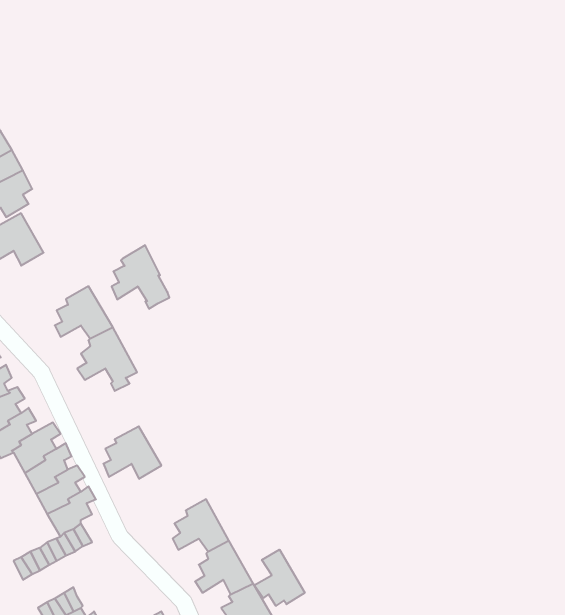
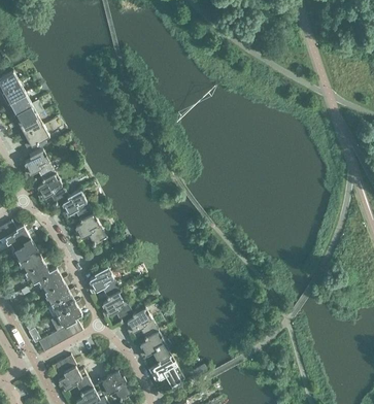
building: [112,245,169,309] -> [36,172,68,207]
building: none -> [101,290,134,325]
building: [254,550,305,606] -> none

